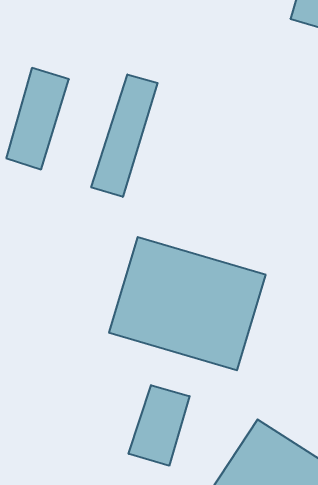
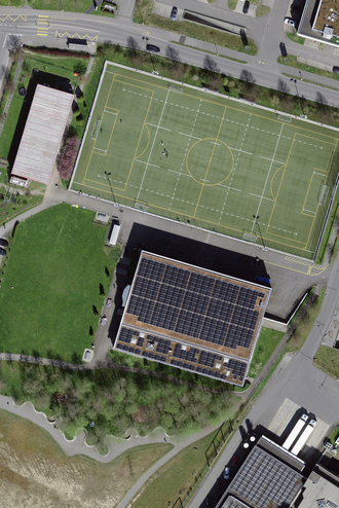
building: [91,74,158,197] -> none
building: [129,385,190,466] -> none

